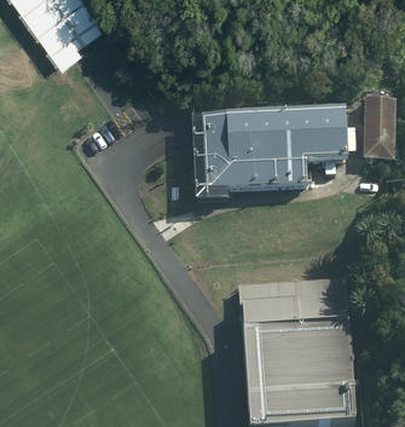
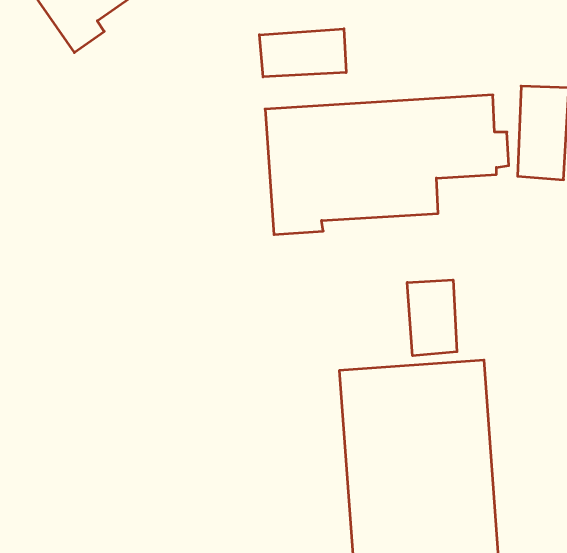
building: none -> [259,29,346,77]
building: none -> [407,280,457,356]

